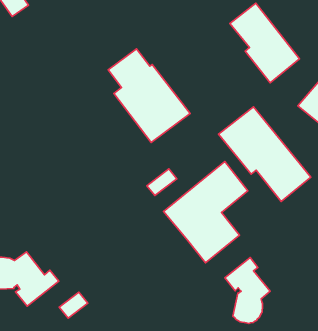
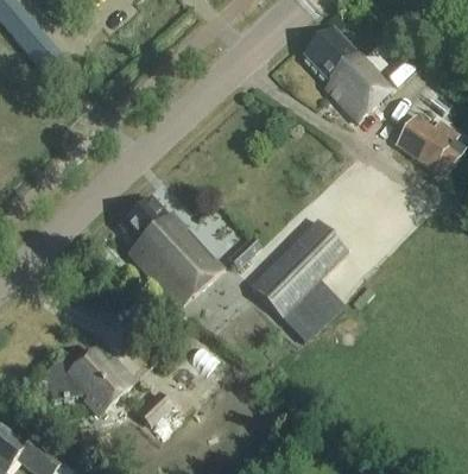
building: [108,49,190,143] -> [119,195,221,304]
building: [219,107,311,202] -> none
building: [225,257,270,323] -> none

